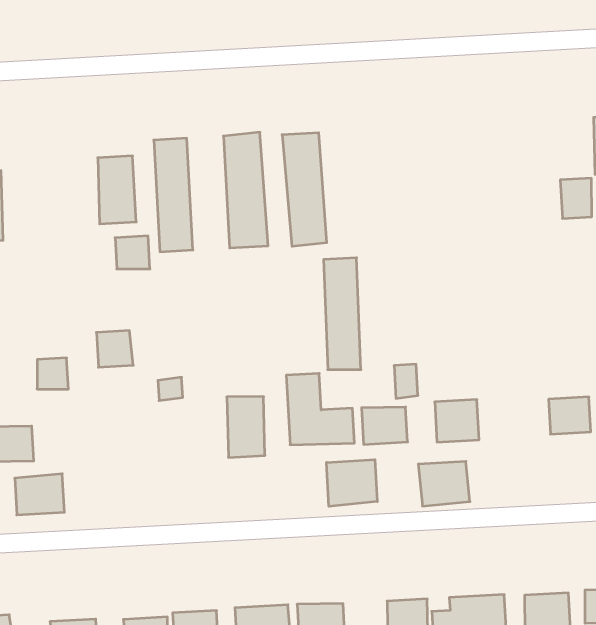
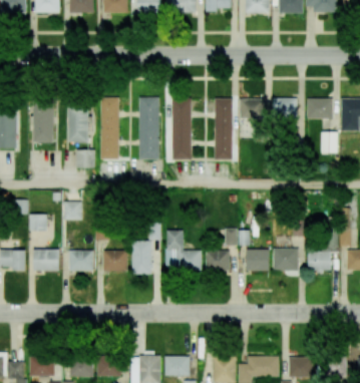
building: none -> [306,98,332,119]
building: none -> [273,99,297,120]
building: none -> [239,99,265,121]
building: none -> [33,104,54,143]
building: [324,258,361,370] -> [214,99,233,160]
building: none -> [102,251,127,272]
building: none -> [68,251,93,271]
building: [327,460,377,506] -> none
building: [418,461,470,506] -> [272,249,299,272]
building: [15,474,64,515] -> [33,250,59,271]

